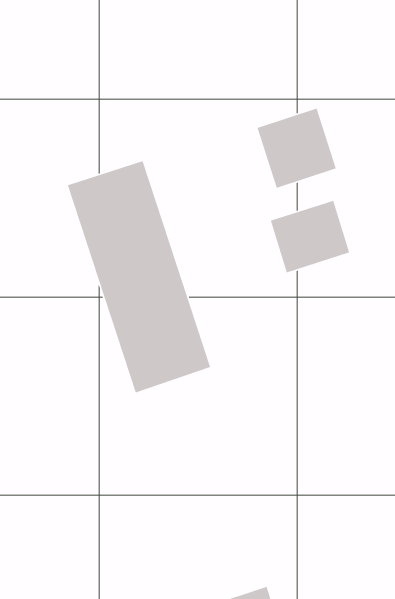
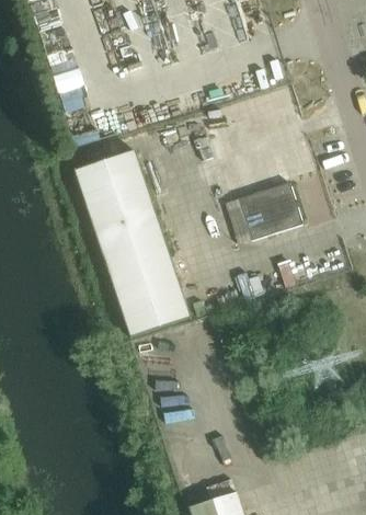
building: [256,107,337,189] -> none

